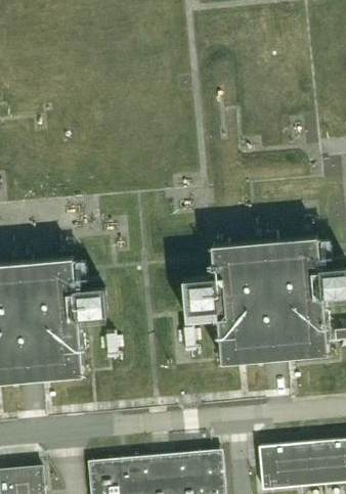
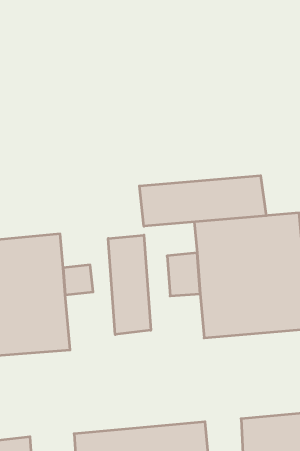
building: none -> [139,176,266,226]
building: none -> [108,235,151,335]

